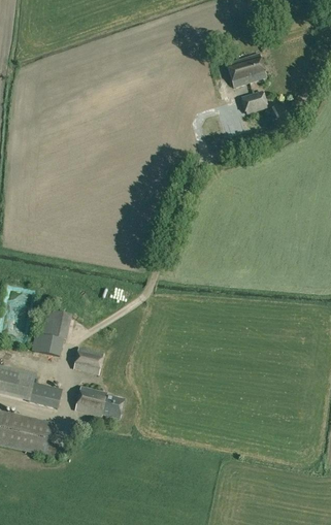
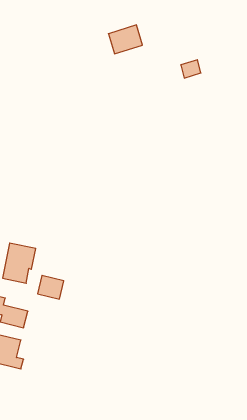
building: [226,53,266,87] -> [108,25,142,54]
building: [75,386,125,419] -> none

